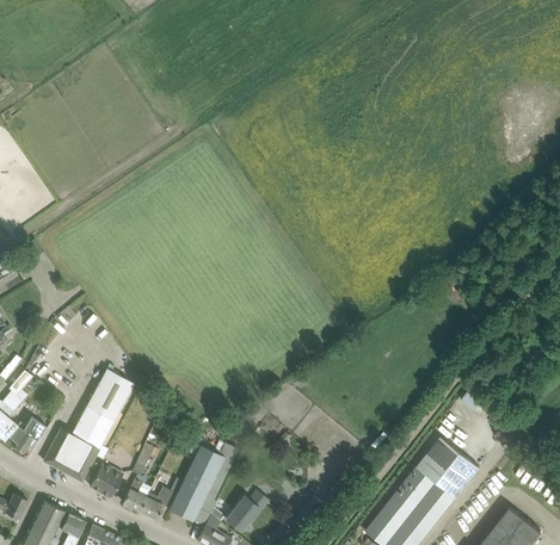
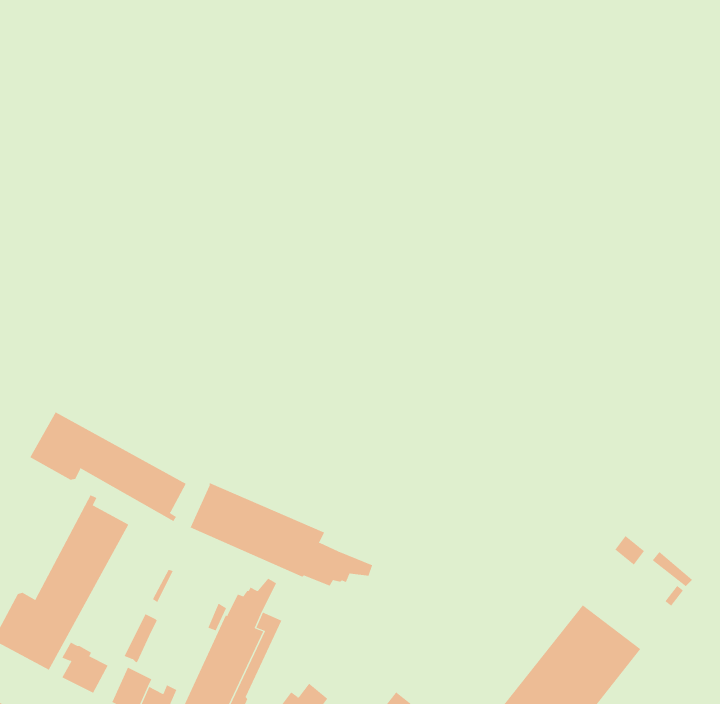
building: none -> [29,412,187,522]
building: none -> [190,482,373,587]

